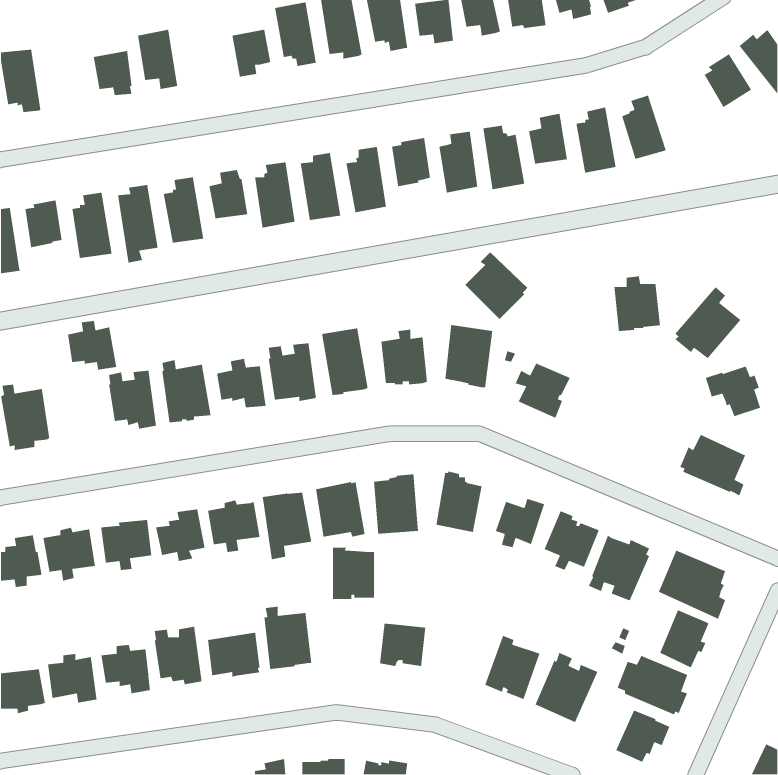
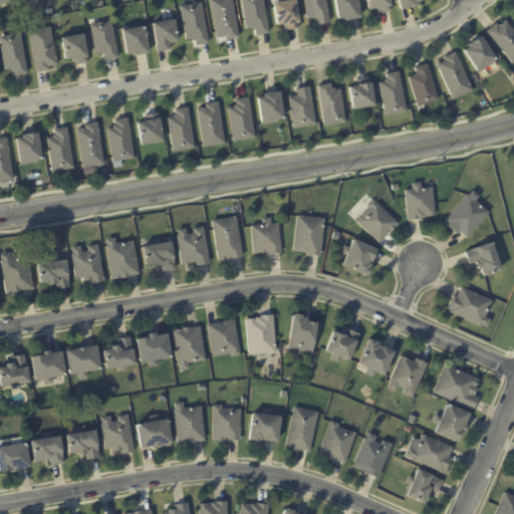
building: none -> [29,26,57,71]
building: none -> [122,26,150,56]
building: none -> [438,50,473,98]
building: [464,251,528,320] -> [356,198,399,243]
building: [67,320,117,371] -> [37,254,70,287]
building: [332,547,375,600] -> [213,404,241,439]
building: none -> [285,405,319,450]

